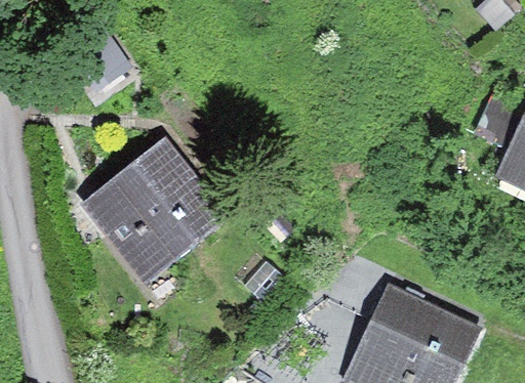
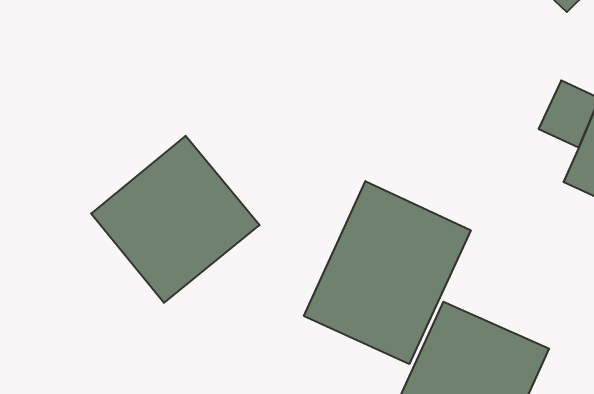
building: none -> [304,181,471,364]

